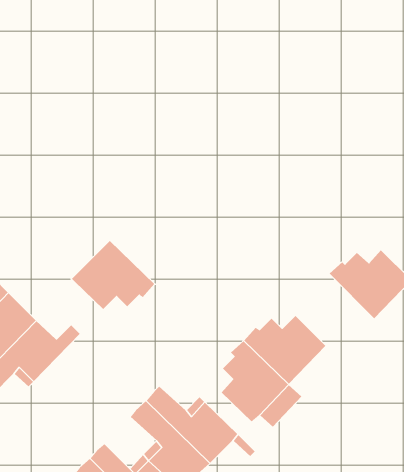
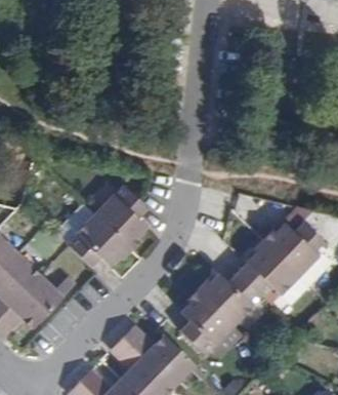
building: none -> [95,183,147,246]
building: none -> [238,238,298,293]

